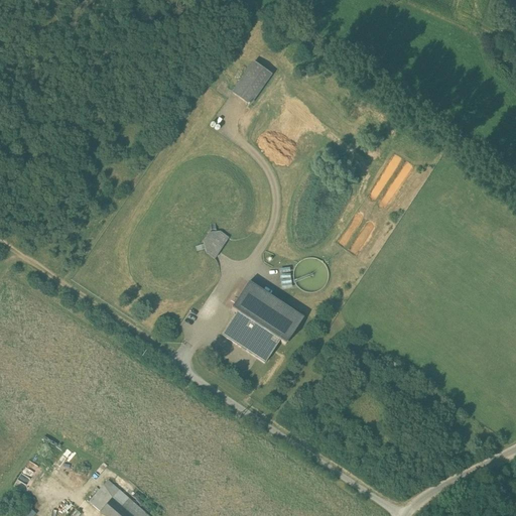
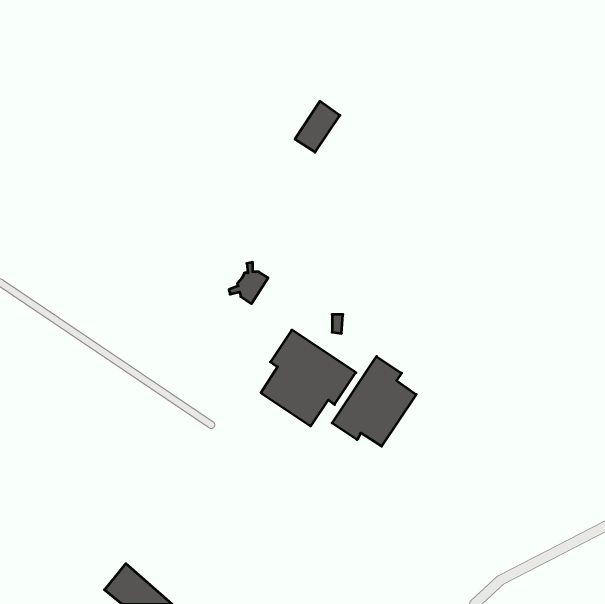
building: [233,60,271,104] -> [295,101,340,152]
building: none -> [332,356,416,446]

